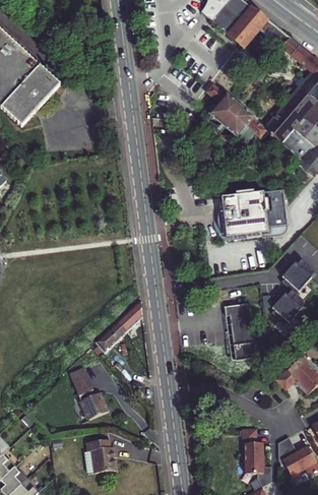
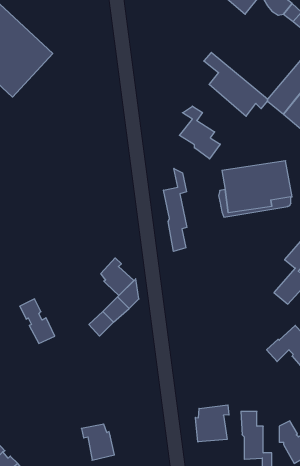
building: none -> [179,106,220,159]
building: none -> [164,168,187,251]
building: none -> [101,258,134,296]
building: [226,303,259,360] -> none
building: [71,377,105,420] -> [20,299,55,343]
building: none -> [195,405,229,442]

